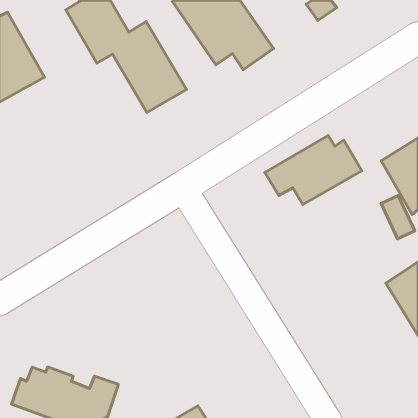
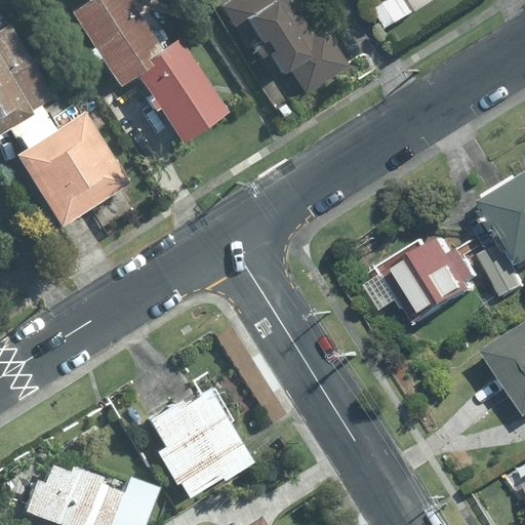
building: none -> [18,114,129,226]
building: [265,135,362,204] -> [359,242,480,328]
building: none -> [144,378,252,495]

